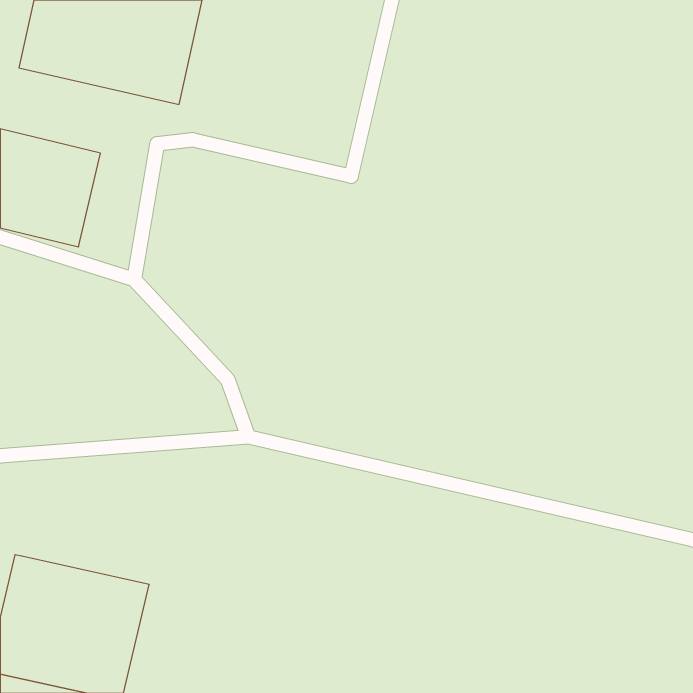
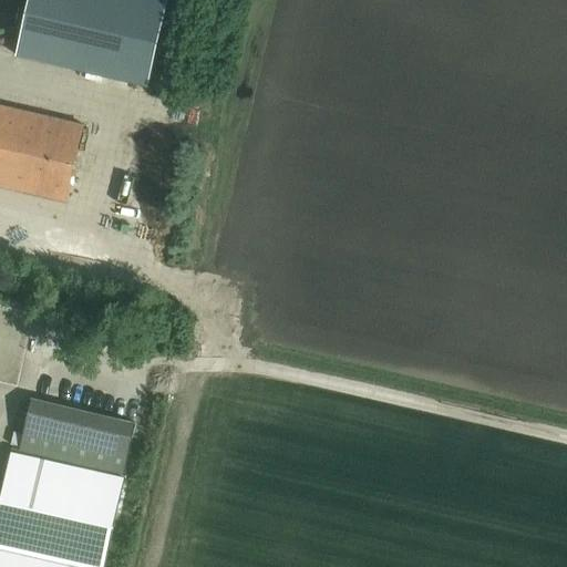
building: none -> [18,399,134,477]

